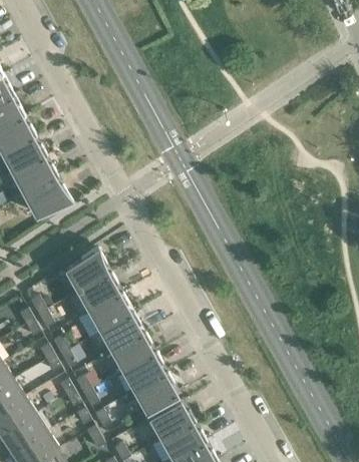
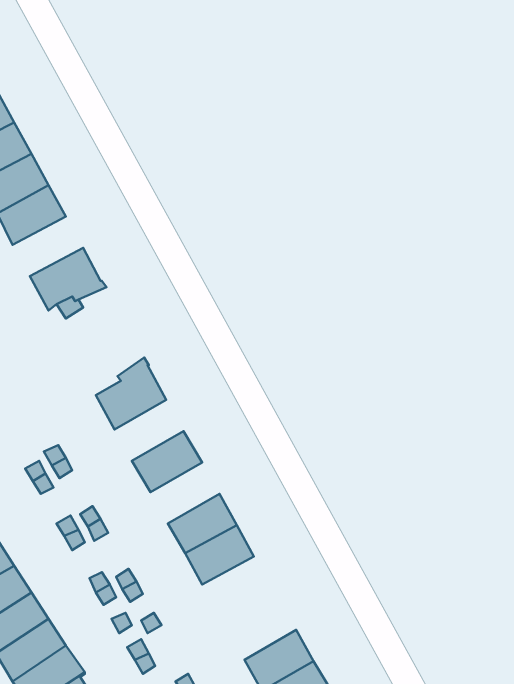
building: [12,156,57,194] -> none
building: [77,274,121,313] -> none
building: [100,314,144,353] -> none
building: [133,374,178,413] -> none
building: [148,401,194,440] -> none

